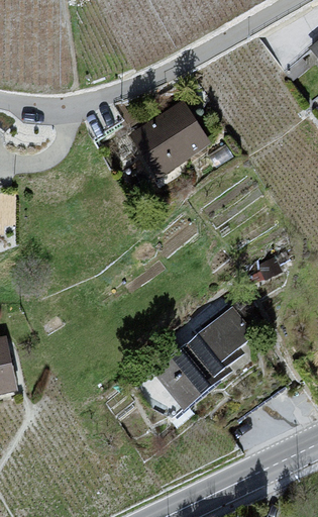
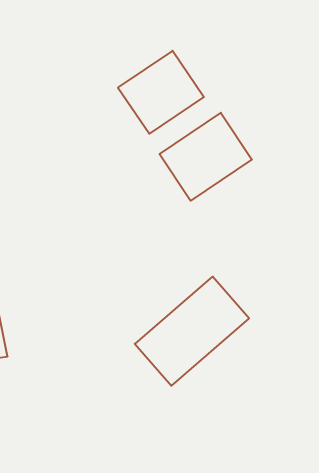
building: none -> [160,113,252,201]

